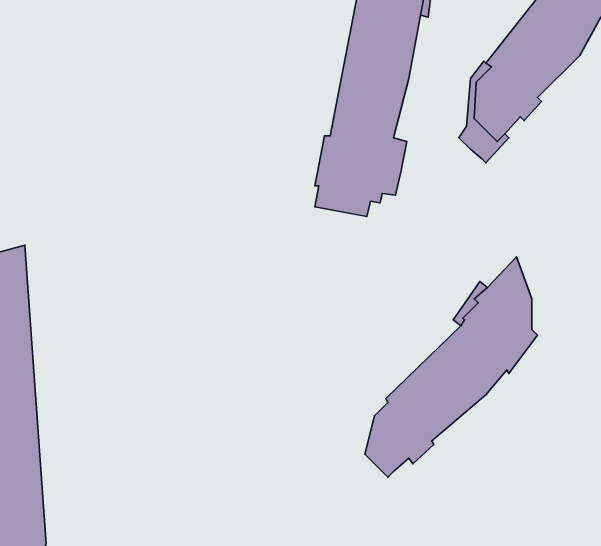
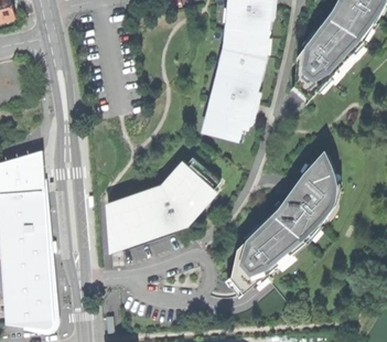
building: none -> [111,157,221,244]
building: none -> [226,238,256,297]

